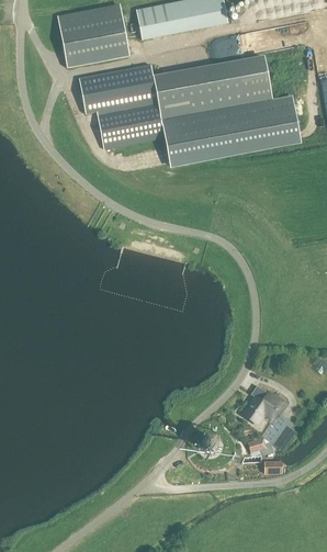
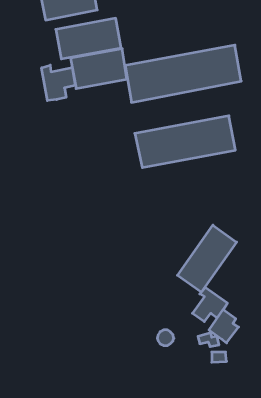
building: [153,56,272,117] -> [135,116,235,168]
building: none -> [42,65,75,101]
building: none -> [177,225,237,292]

